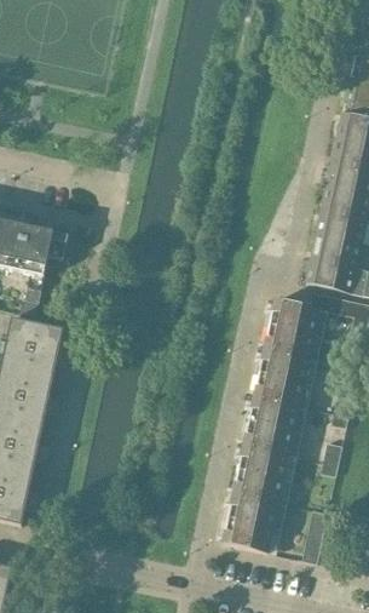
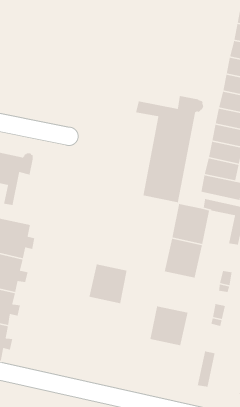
building: none -> [135,95,204,203]
building: [244,395,300,453] -> [89,263,128,304]
building: [224,492,279,551] -> none

